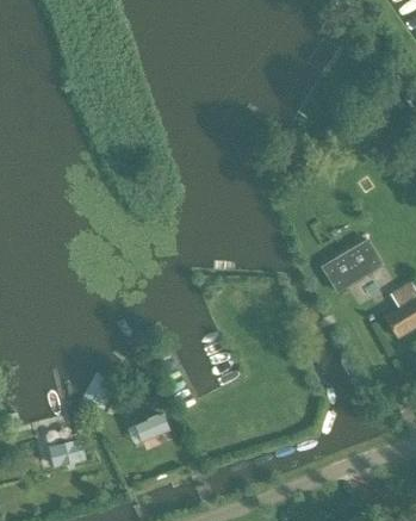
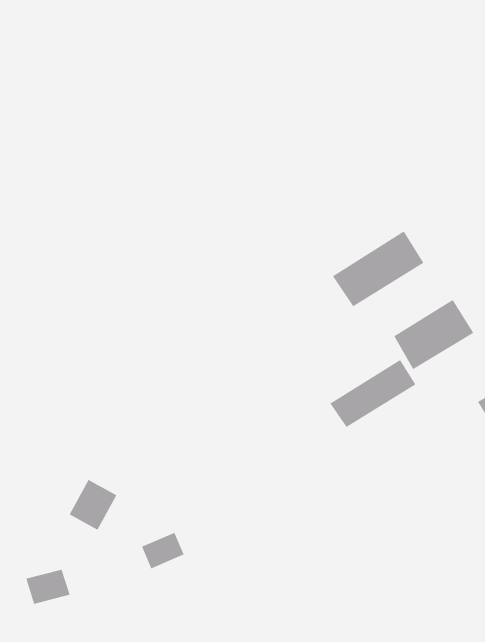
building: none -> [332,231,424,307]
building: none -> [329,359,416,428]

